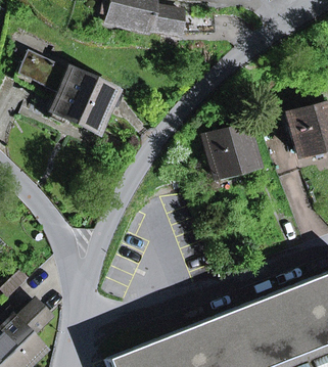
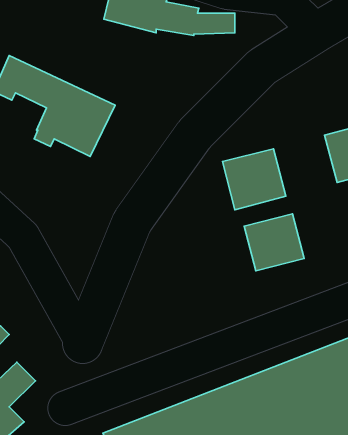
building: none -> [244,214,304,271]

